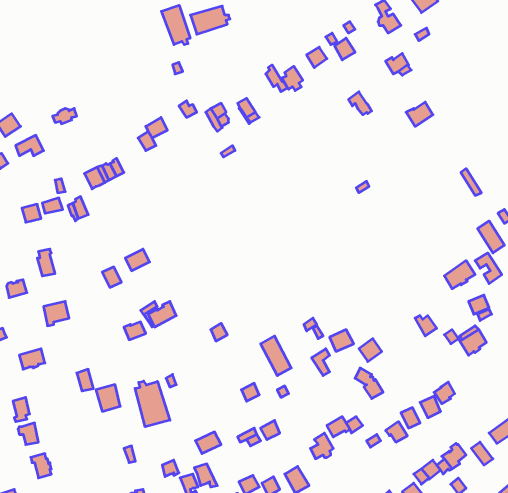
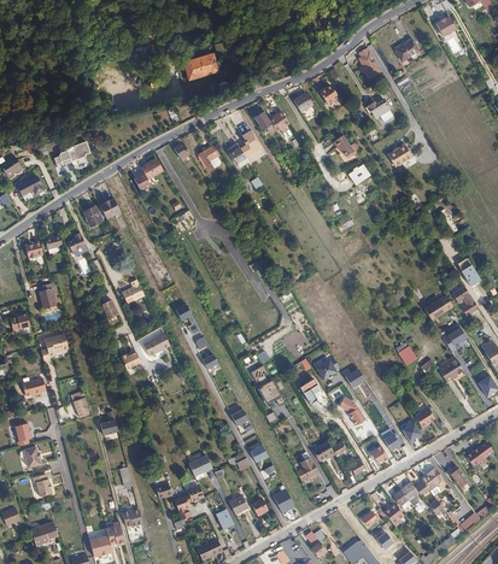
building: [161,5,190,45] -> none
building: [135,381,170,427] -> none

